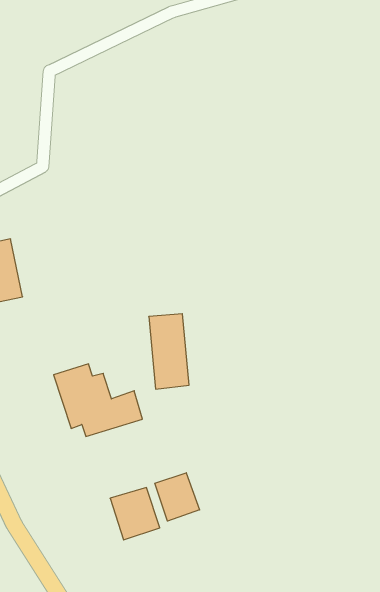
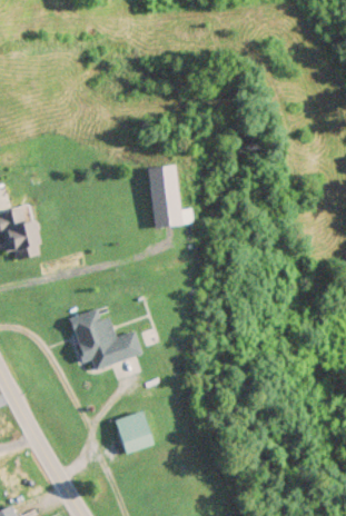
building: [149,314,189,389] -> [149,165,182,227]
building: [155,473,200,521] -> none

